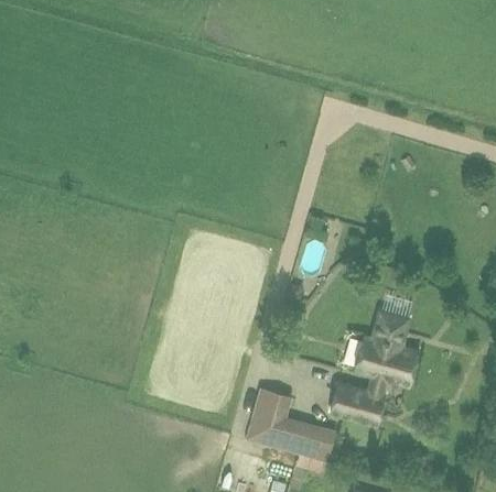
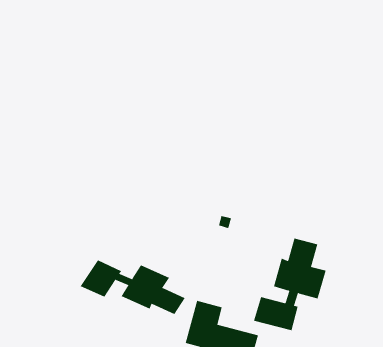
building: none -> [80,260,186,315]

